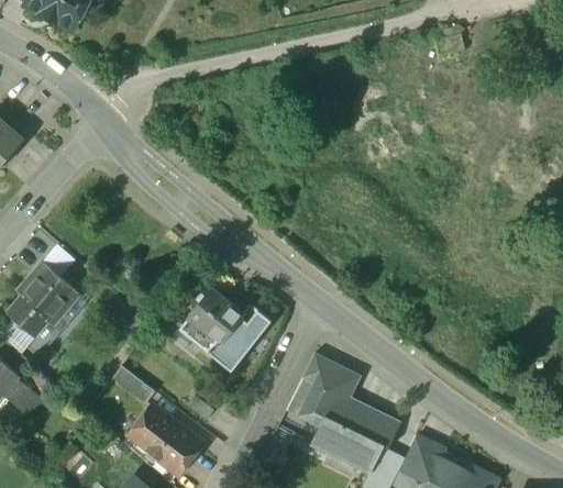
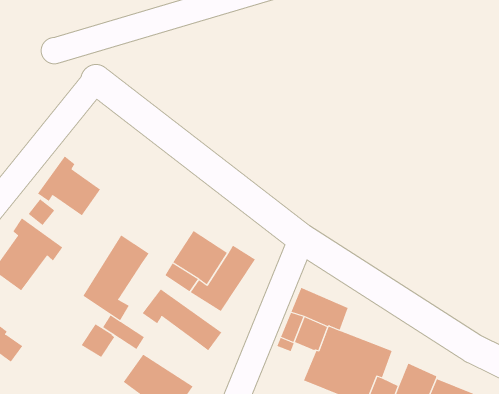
building: none -> [37,156,101,216]
building: none -> [83,235,150,321]
building: none -> [142,288,222,351]
building: none -> [81,323,115,358]

